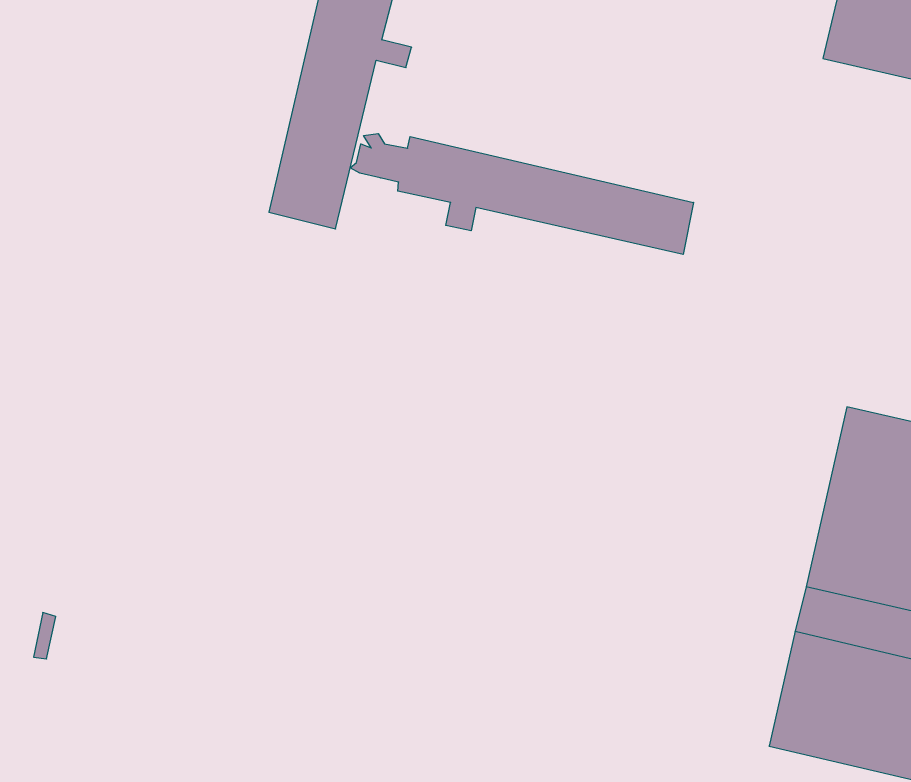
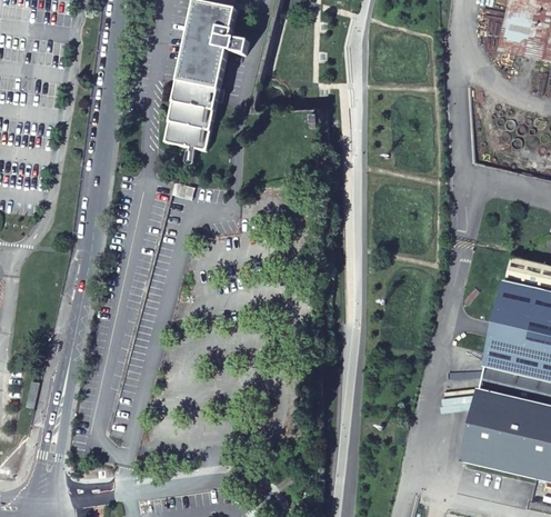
building: [350,134,694,254] -> none

